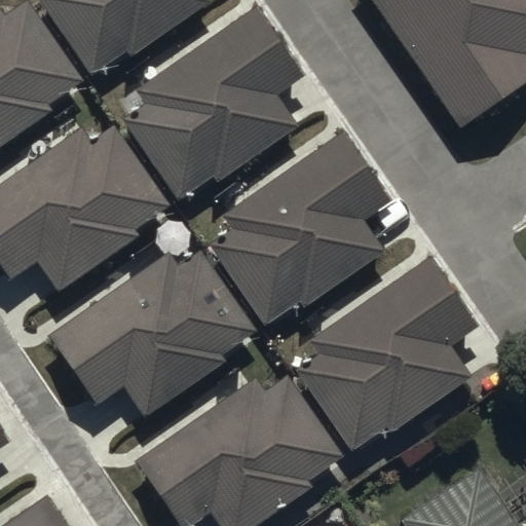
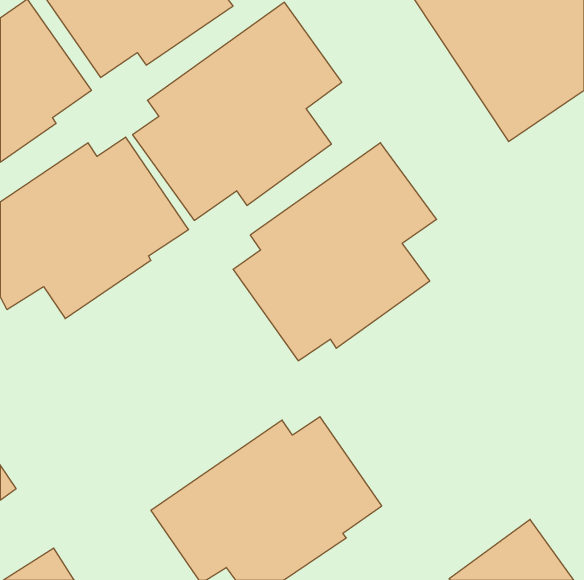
building: [46,253,253,411] -> none
building: [297,257,479,451] -> none

